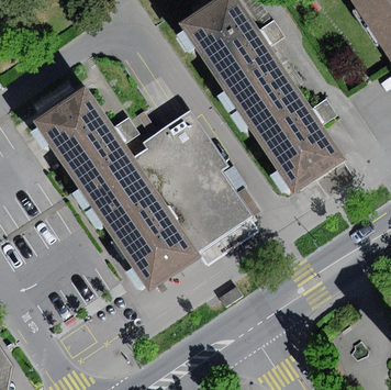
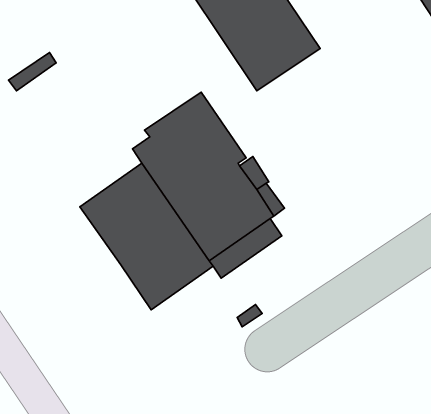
building: [235,74,344,192] -> none
building: [30,86,139,205] -> none

